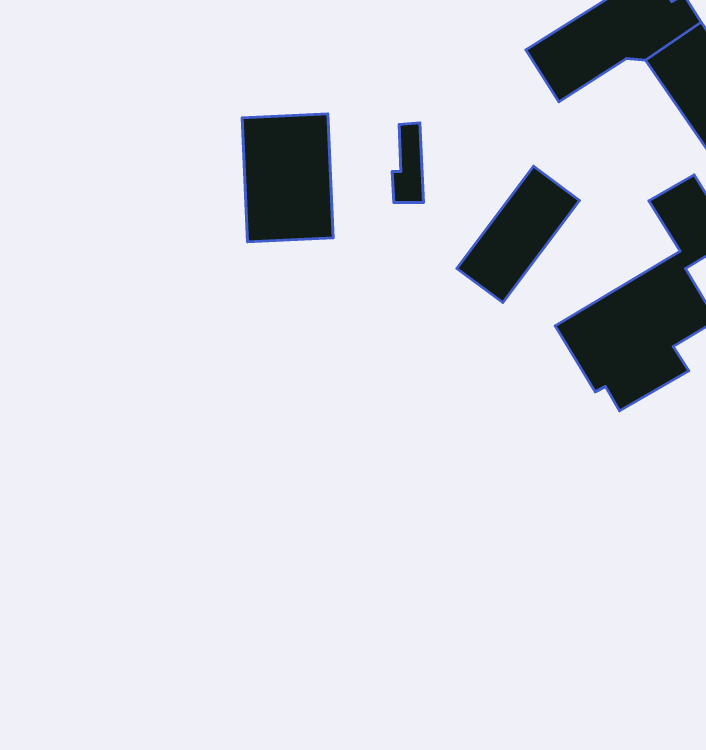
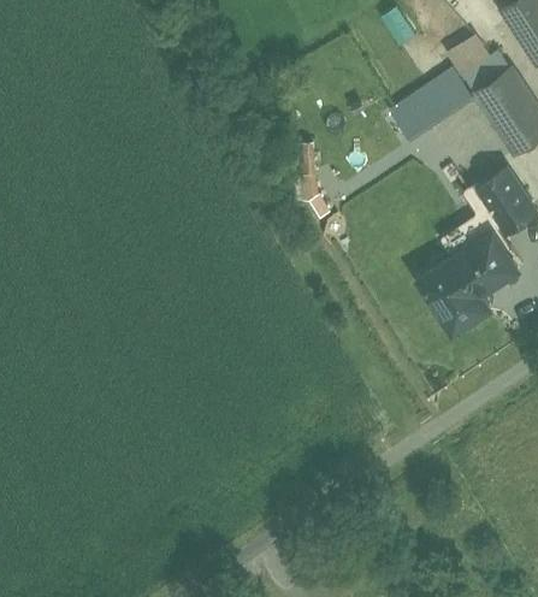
building: [242,114,333,242] -> none
building: [457,166,580,303] -> none

